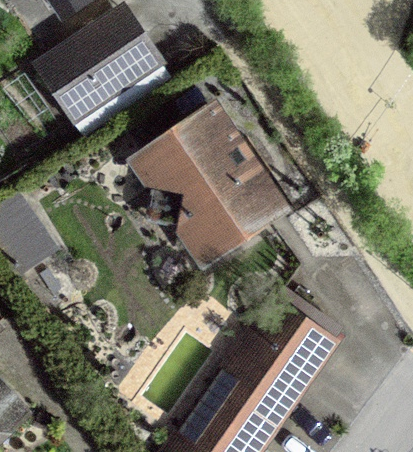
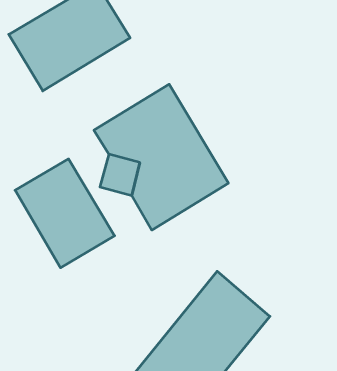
building: none -> [15,159,115,268]

